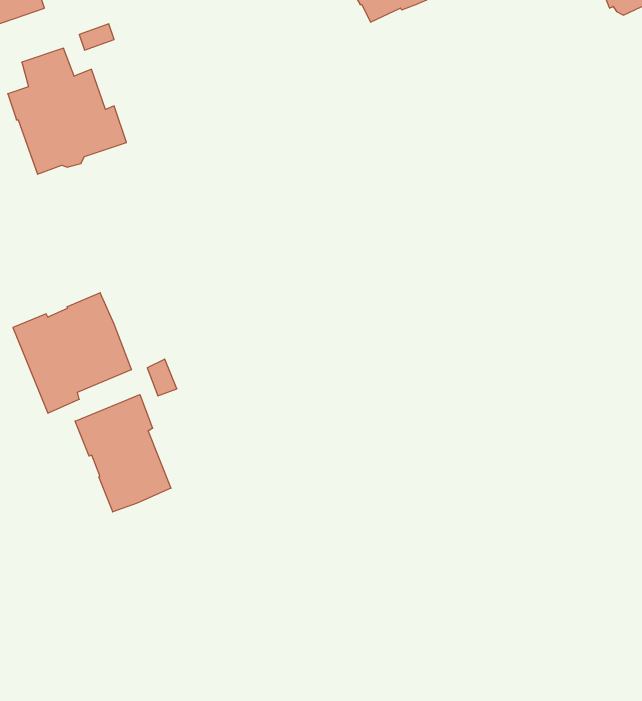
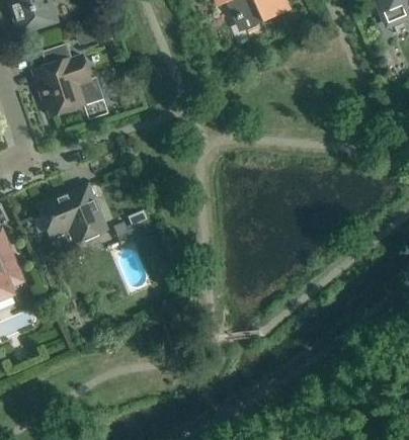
building: [75,395,171,512] -> none

